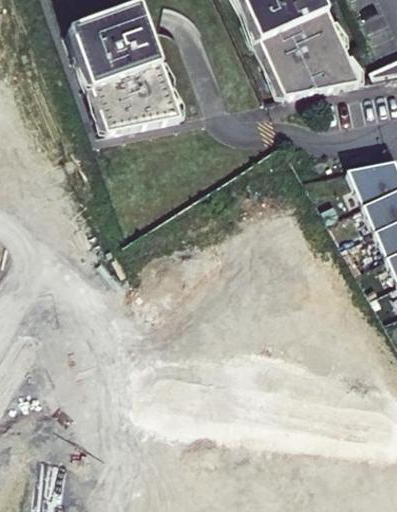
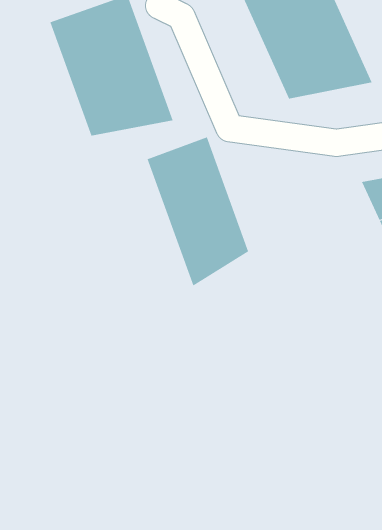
building: none -> [147,136,249,286]

